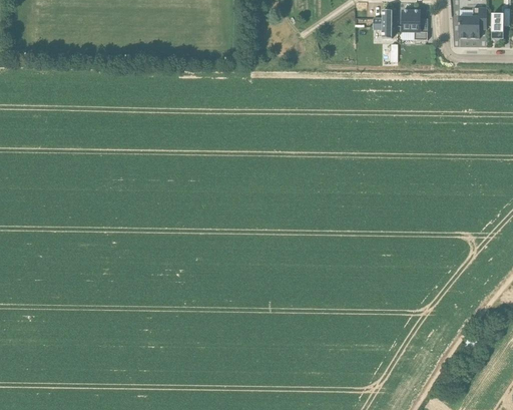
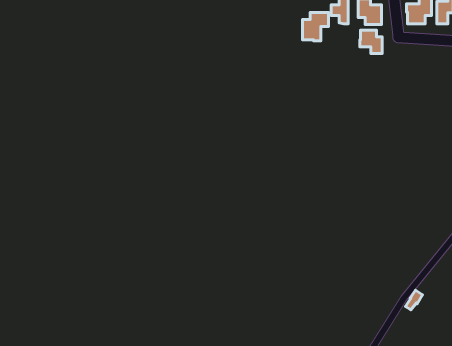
building: none -> [303,12,328,41]
building: none -> [360,30,382,54]

